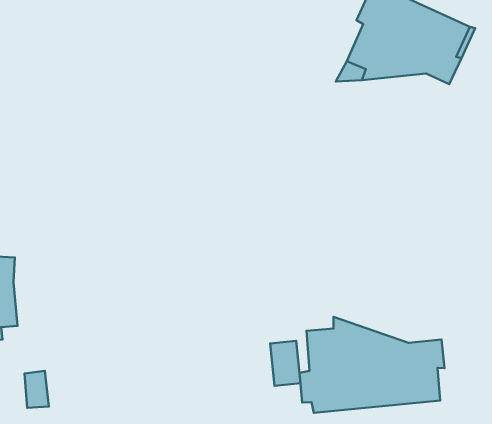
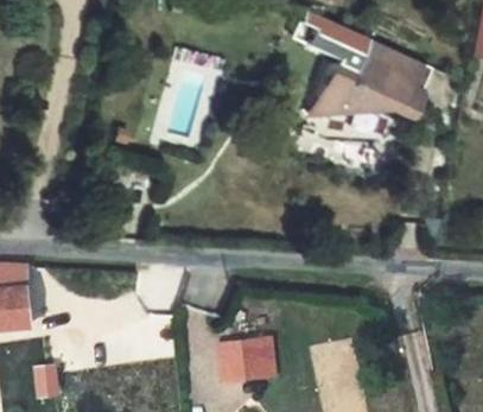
building: [299,317,445,413] -> none
building: none -> [223,341,256,381]

